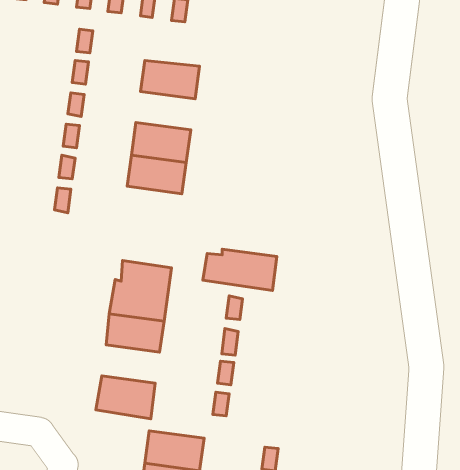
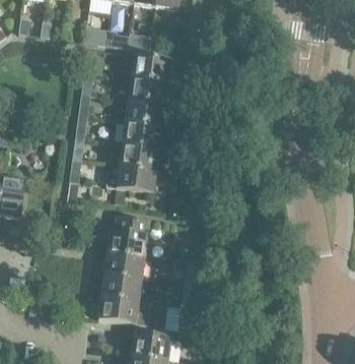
building: none -> [131,55,171,82]
building: none -> [125,100,165,126]
building: [203,249,277,290] -> [105,165,156,193]
building: none -> [101,274,141,300]

